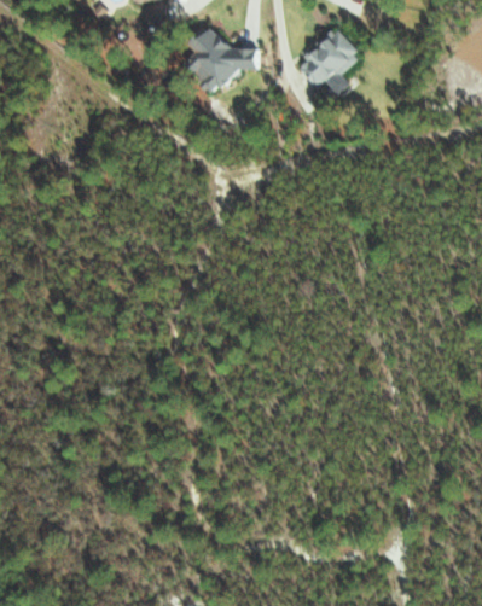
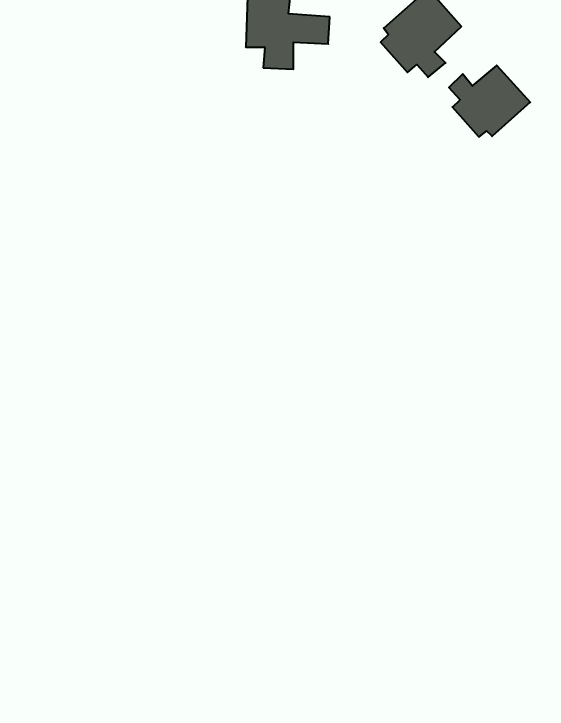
building: none -> [449,65,530,137]

